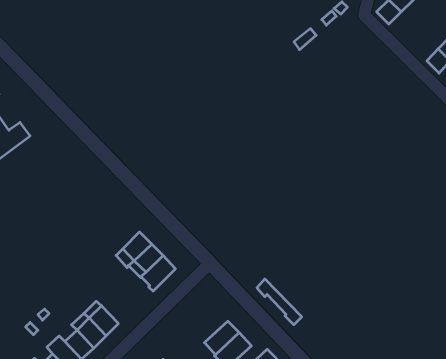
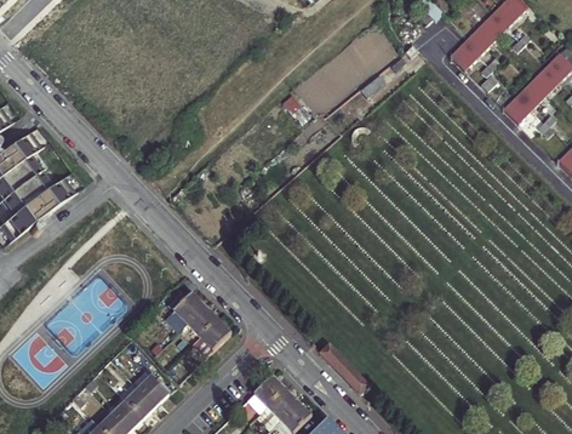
building: none -> [248,378,287,416]

